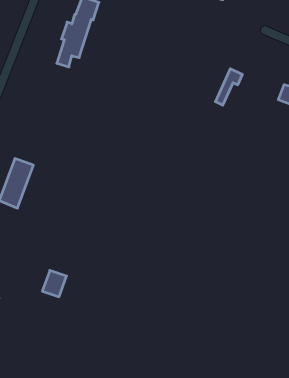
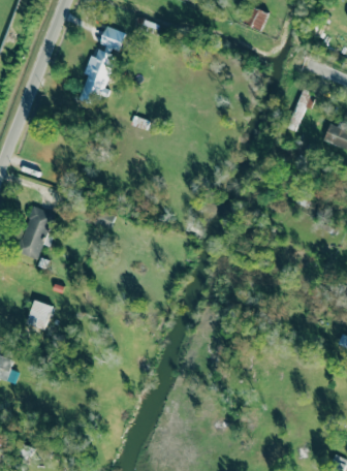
building: [215,69,242,105] -> [286,91,316,131]
building: [42,270,67,297] -> [26,301,53,329]

